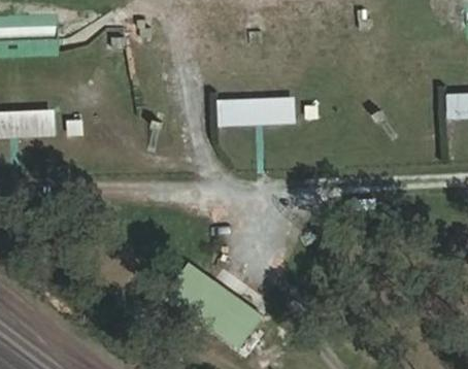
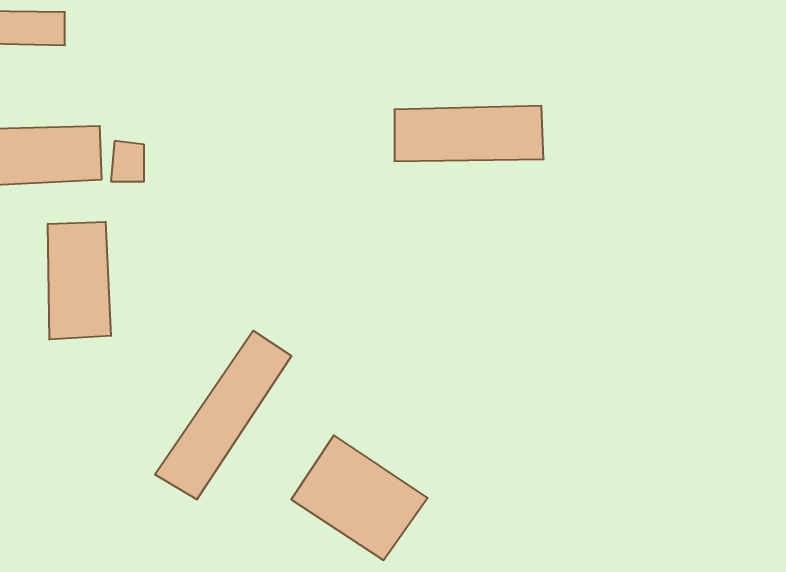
building: none -> [48,222,111,340]
building: none -> [155,331,291,500]

